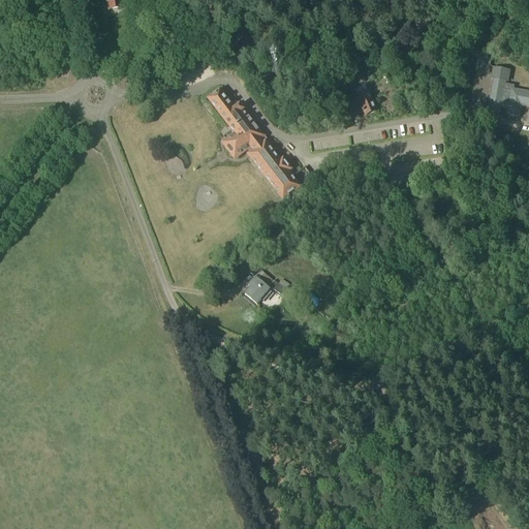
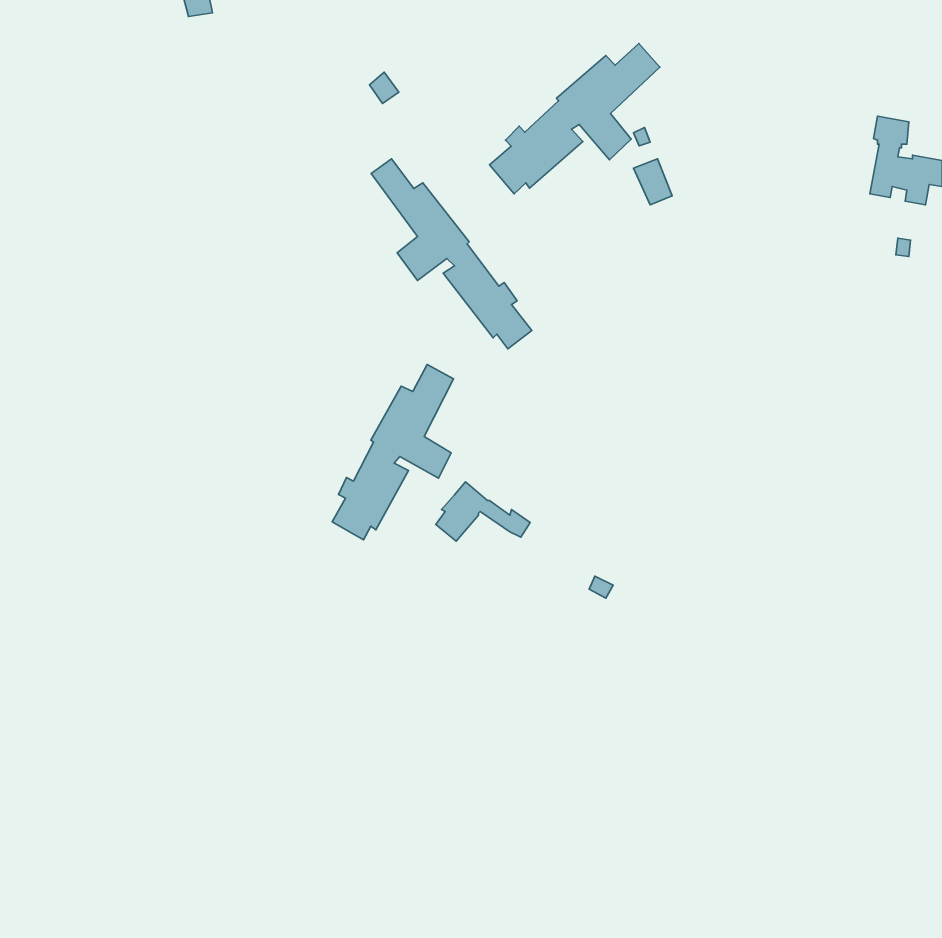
building: none -> [489,43,660,194]
building: none -> [332,364,453,540]

